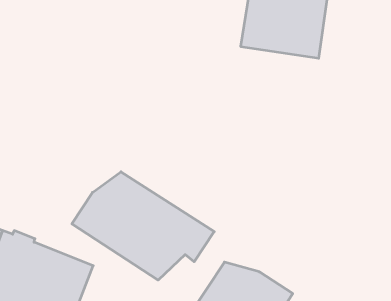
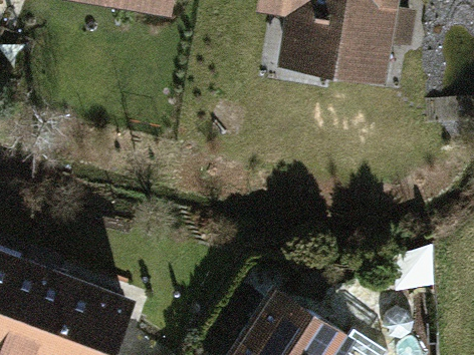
building: [72,172,214,280] -> none

